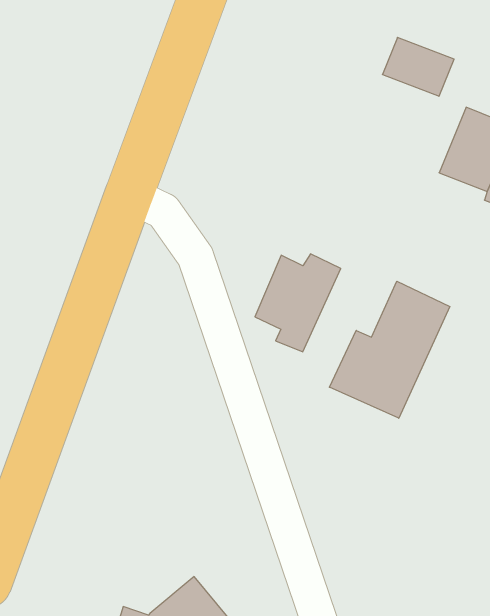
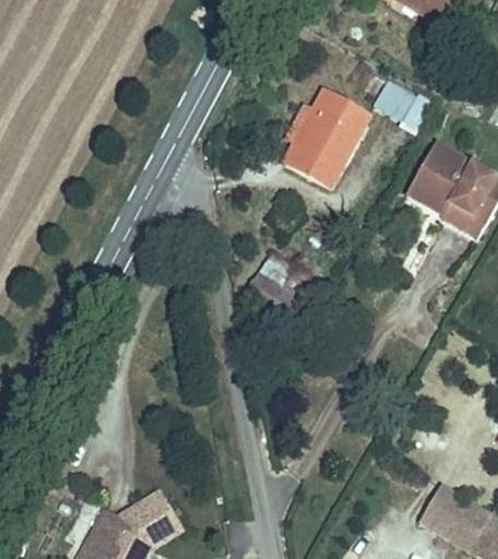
building: none -> [285,92,368,185]
building: [329,281,450,418] -> none

